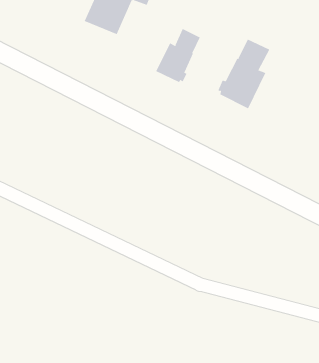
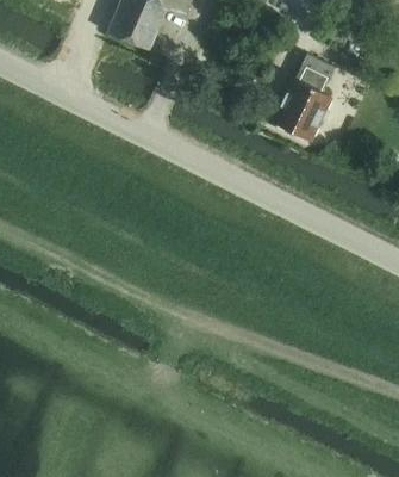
building: [156,28,200,83] -> none

